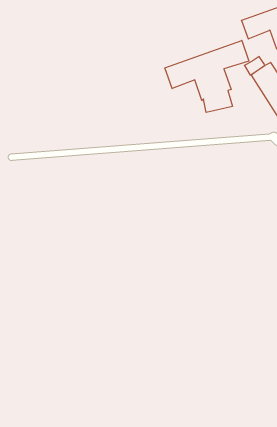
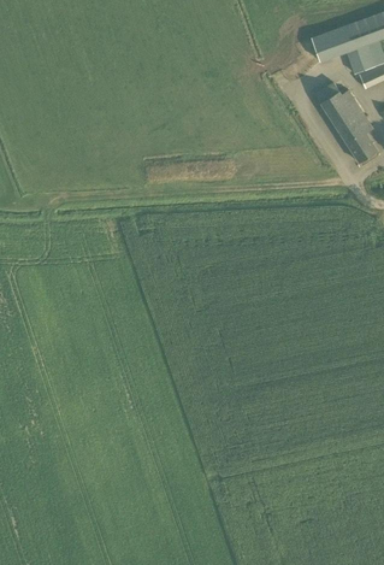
building: [165,40,249,112] -> none

